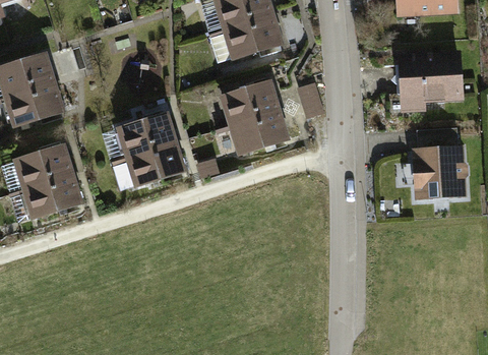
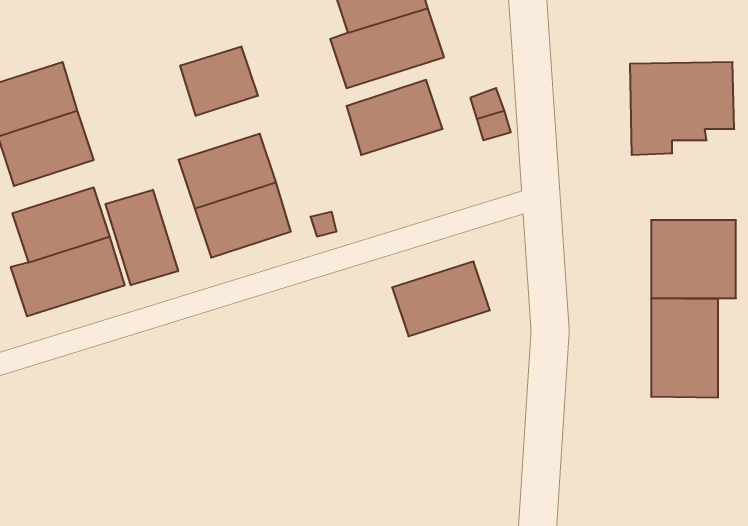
building: none -> [180,46,258,116]
building: [230,101,291,147] -> [392,261,490,336]
building: none -> [106,190,178,285]
building: none -> [651,298,718,398]

